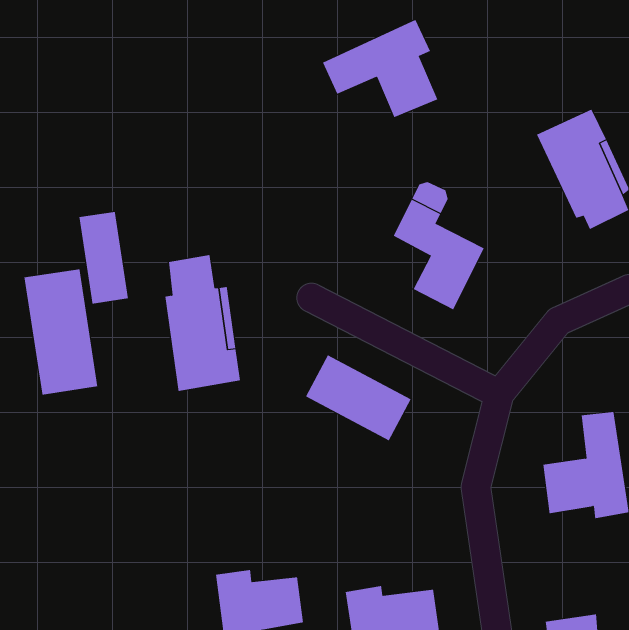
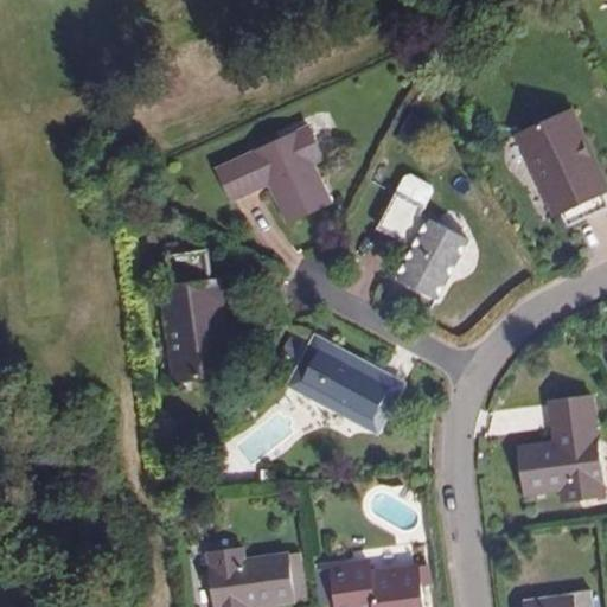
building: [322,19,438,118] -> [216,127,327,222]
building: [79,211,129,304] -> none
building: [24,268,98,395] -> none

